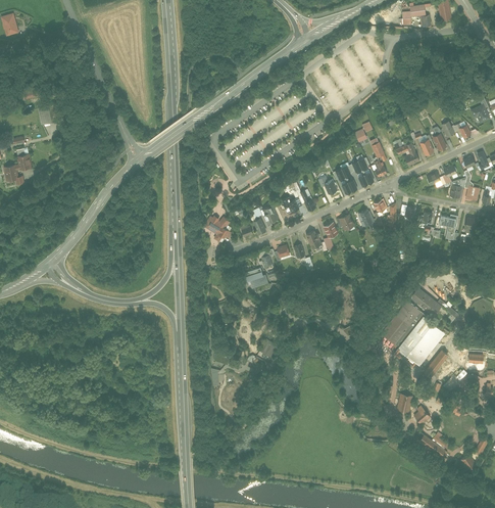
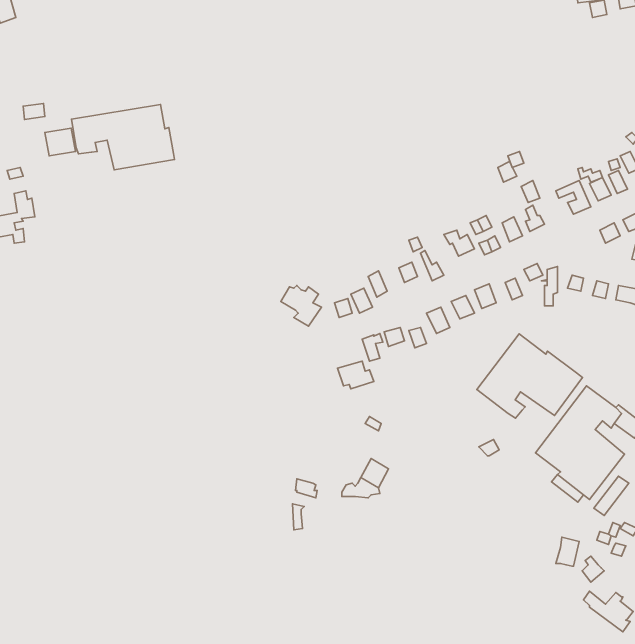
building: none -> [72,104,175,170]
building: none -> [477,334,583,418]

